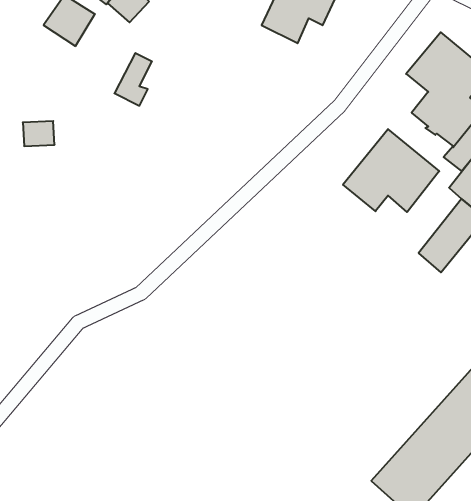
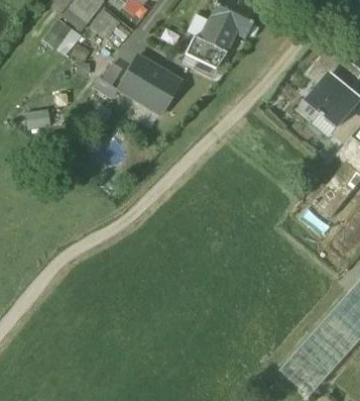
building: none -> [192,47,223,79]
building: none -> [117,56,179,114]
building: [343,129,439,212] -> none

